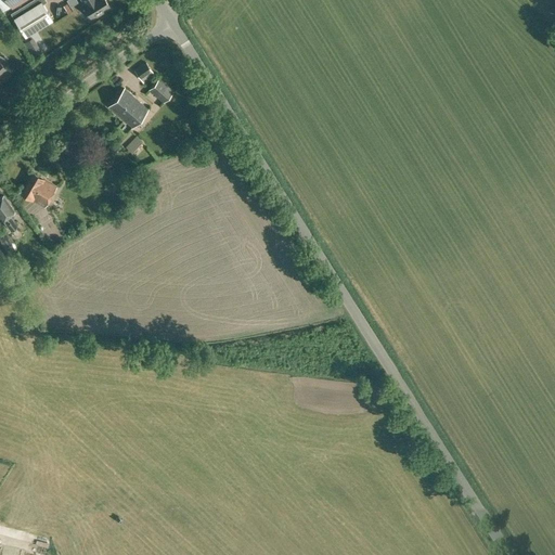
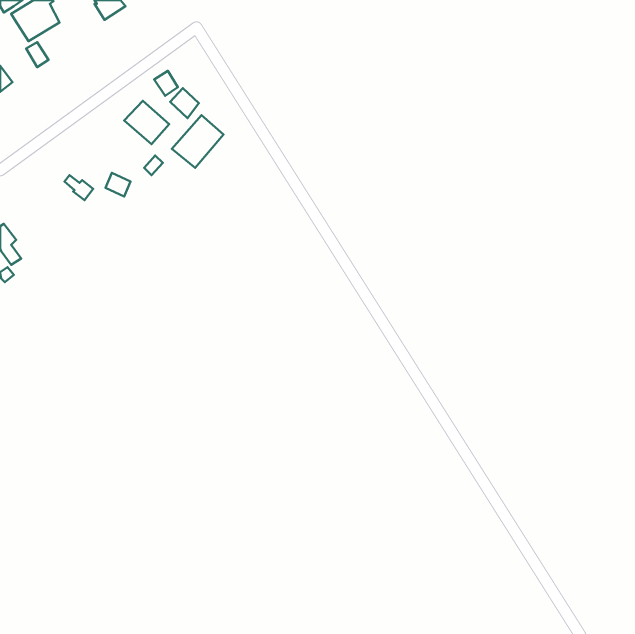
building: none -> [172,115,223,168]
building: [21,173,56,208] -> none

